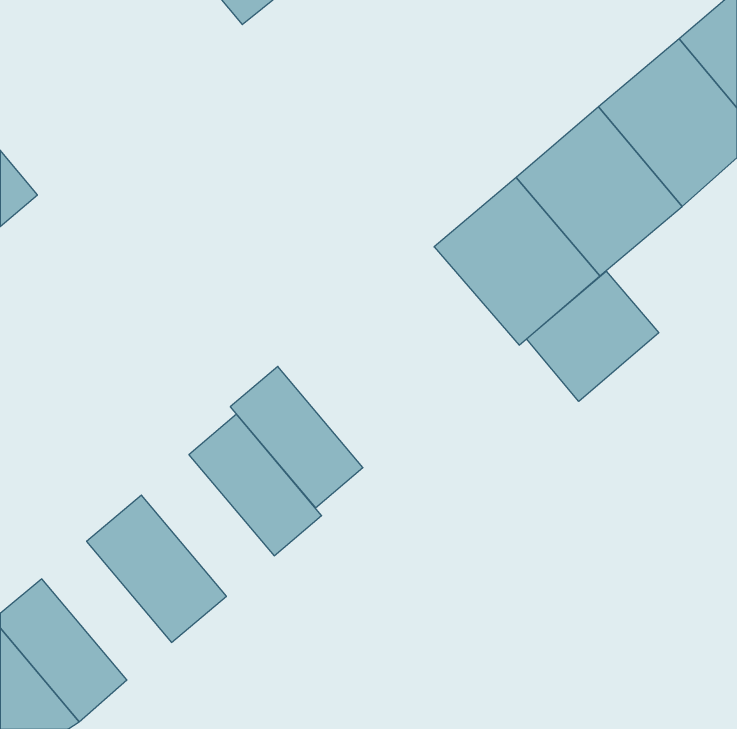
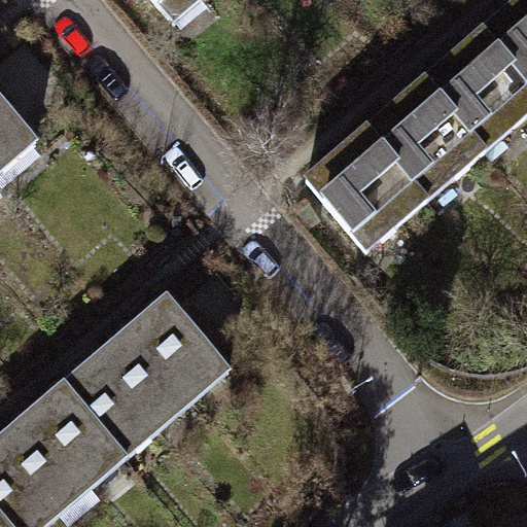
building: [527,271,659,401] -> none
building: [230,366,363,508] -> [101,324,196,425]
building: none -> [30,386,122,485]

